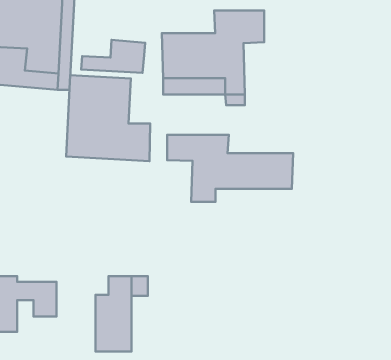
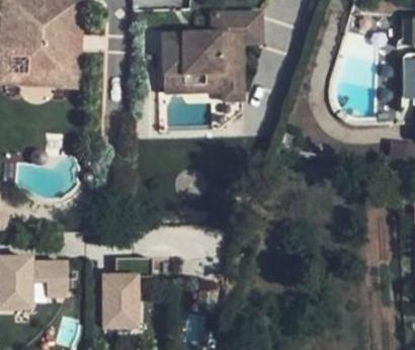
building: [81,40,145,73] -> none
building: [66,75,150,161] -> none
building: [167,135,293,202] -> none

